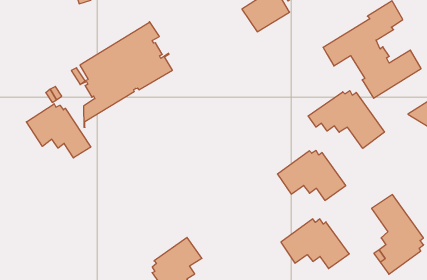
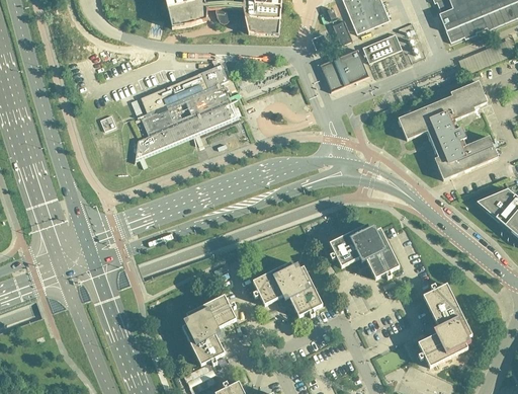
building: [308,91,384,148] -> none
building: [26,104,91,158] -> none
building: [281,219,349,269] -> [253,261,323,316]

